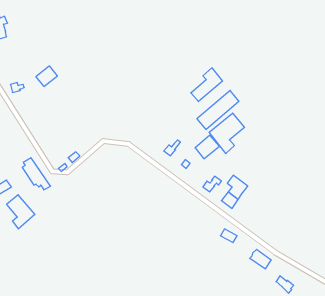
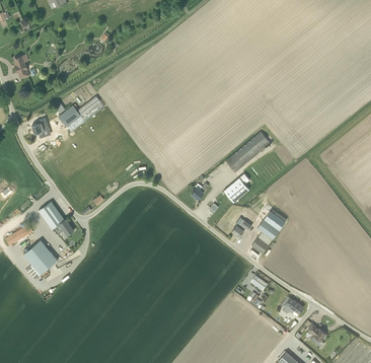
building: [191,68,223,102] -> none
building: [209,113,245,154] -> none

